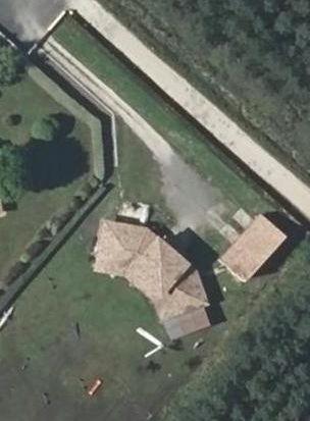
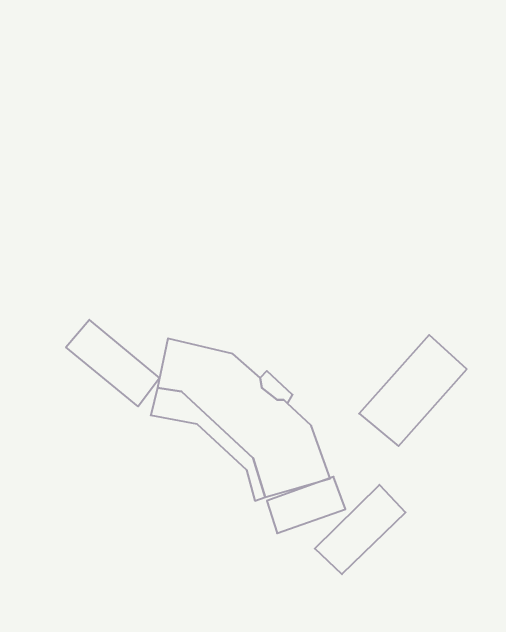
building: none -> [66,320,160,406]
building: none -> [315,485,406,574]

